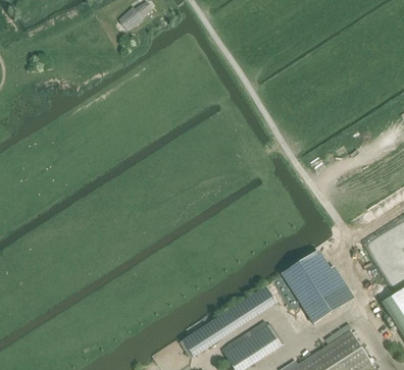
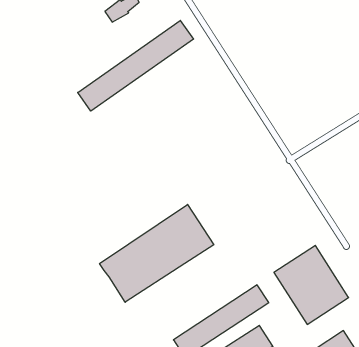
building: none -> [78,20,194,111]
building: none -> [100,204,214,302]

